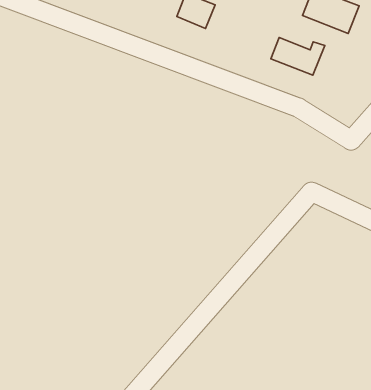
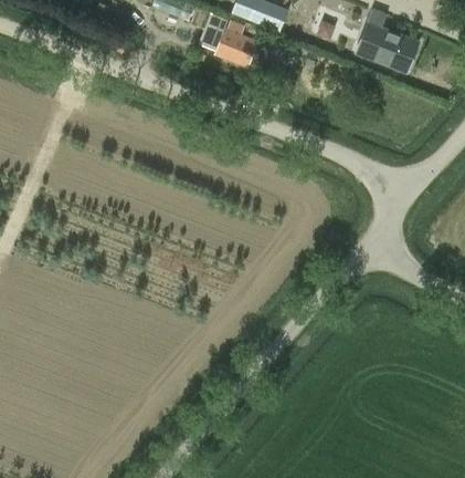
building: [271,37,325,75] -> none

